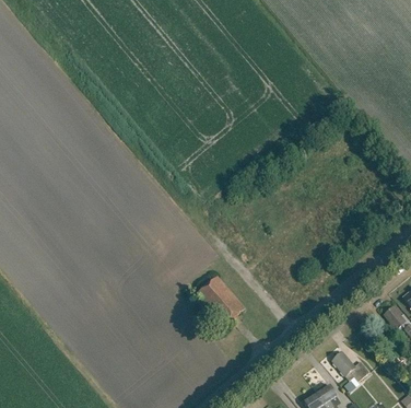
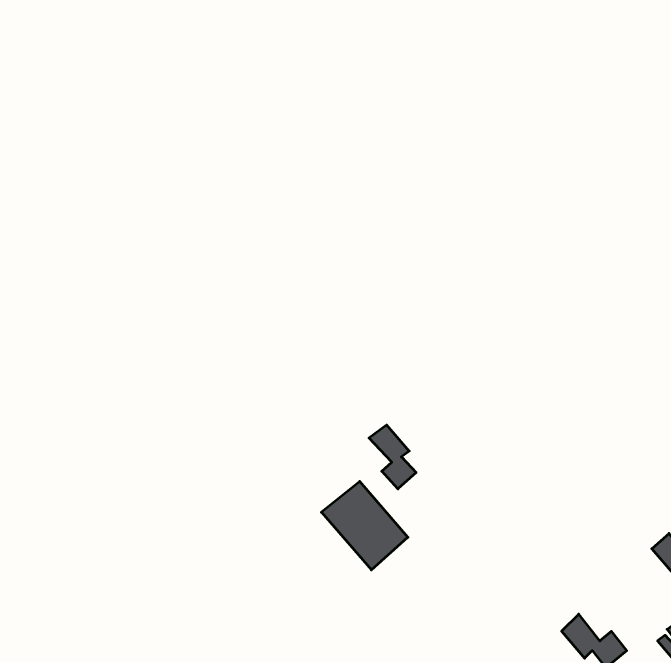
building: none -> [369,425,416,489]

